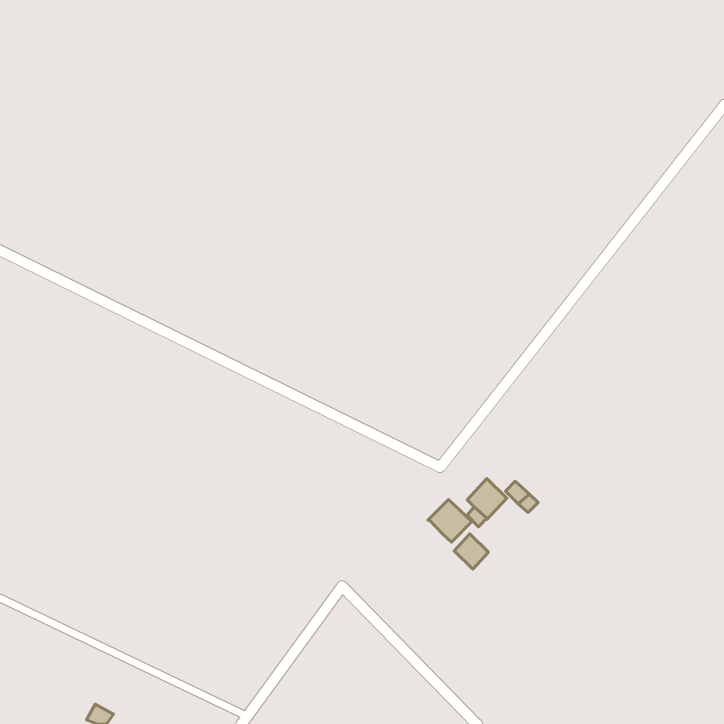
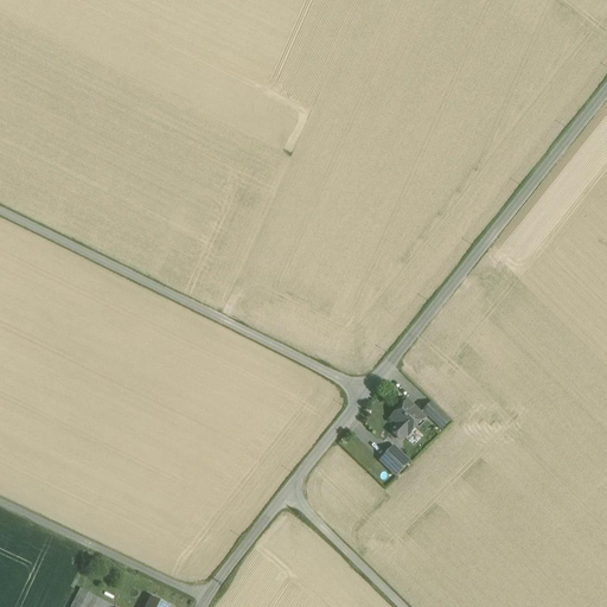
building: [428,499,472,542] -> none

